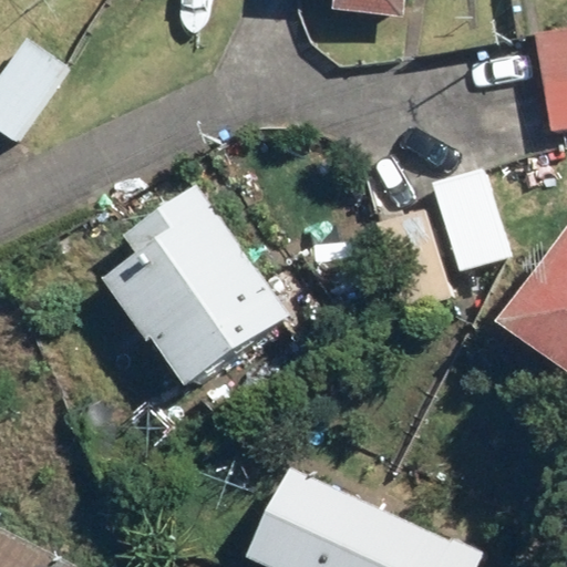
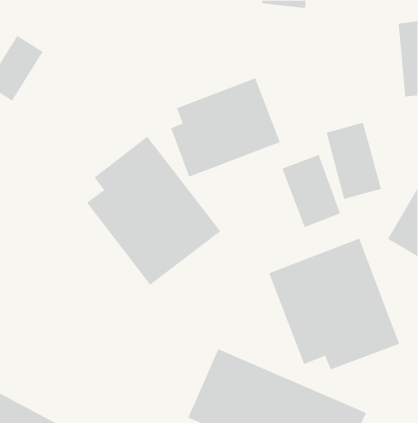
building: none -> [170,78,280,177]
building: none -> [268,238,400,370]

